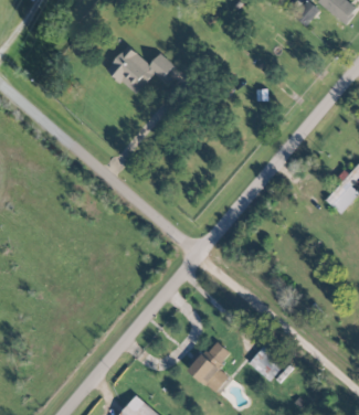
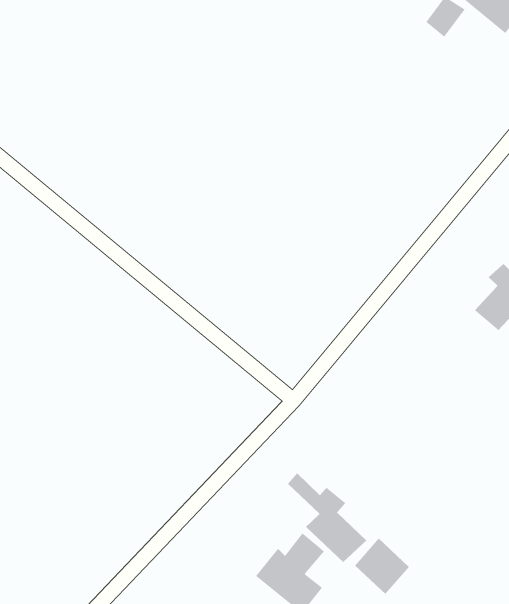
building: [107,45,175,95] -> none
building: none -> [287,472,367,563]

